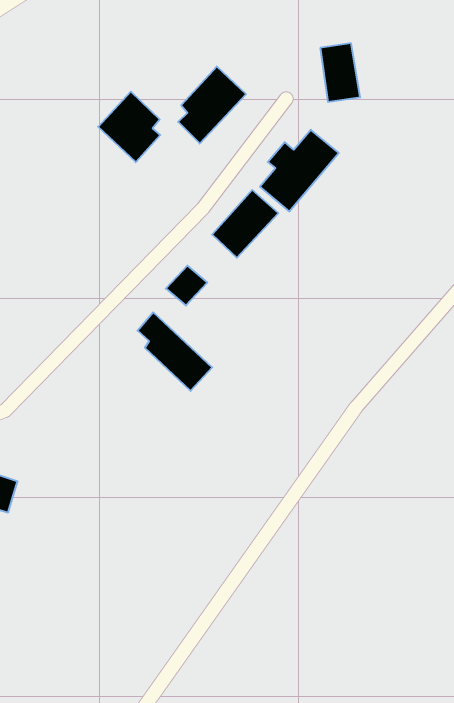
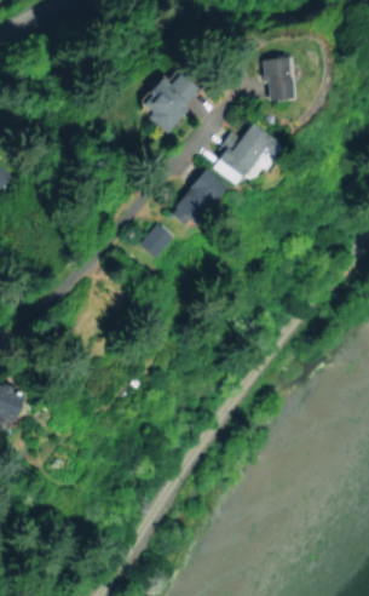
building: [98,92,160,162] -> none
building: [137,312,212,391] -> none

